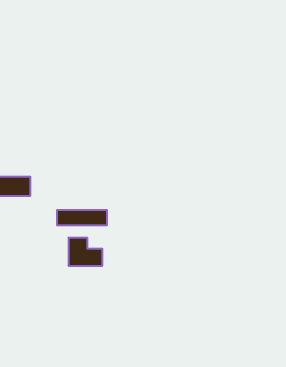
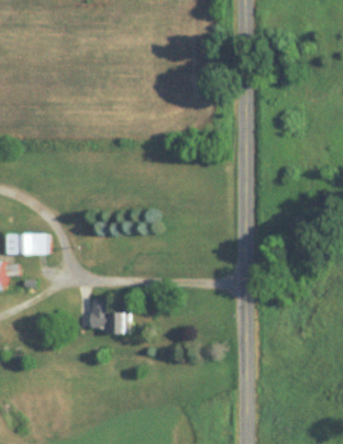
building: [57,210,107,225] -> none

